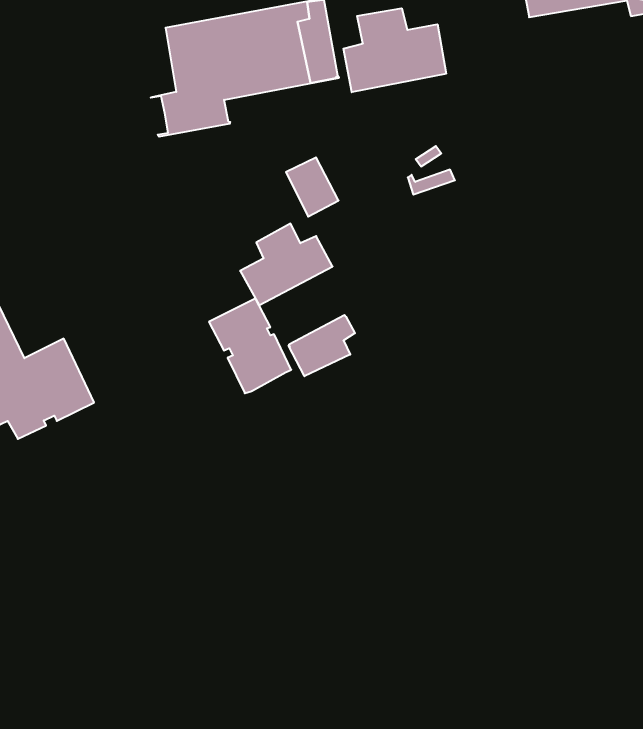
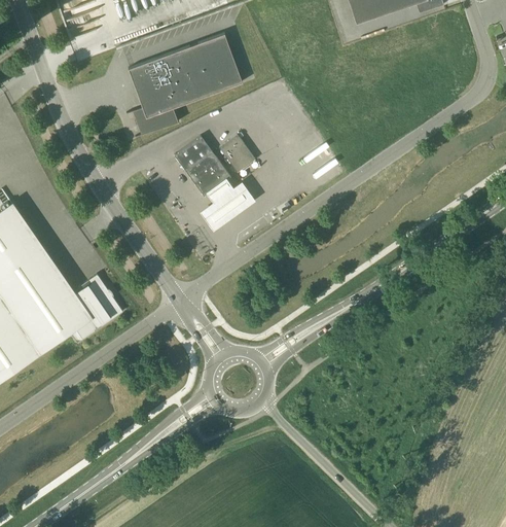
building: [343,8,446,92] -> none
building: [209,298,291,393] -> [174,135,230,196]
building: [289,315,355,376] -> none

